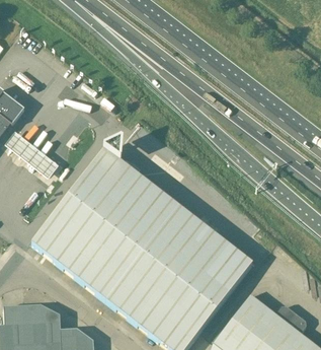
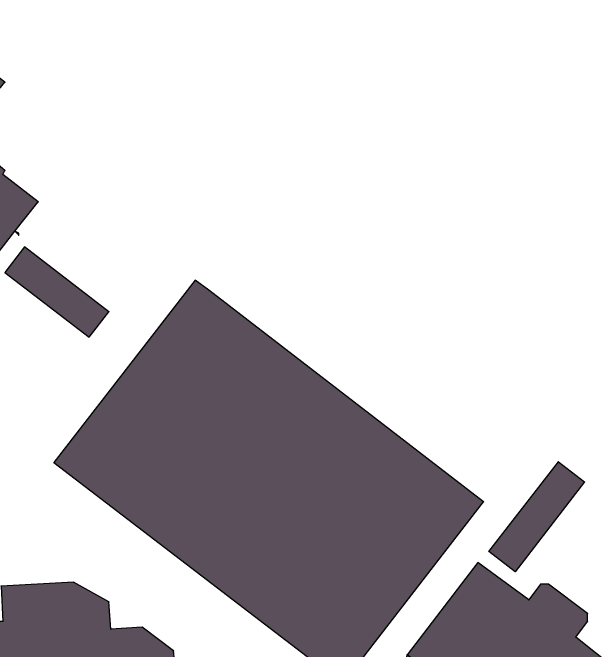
building: none -> [489,462,585,572]

